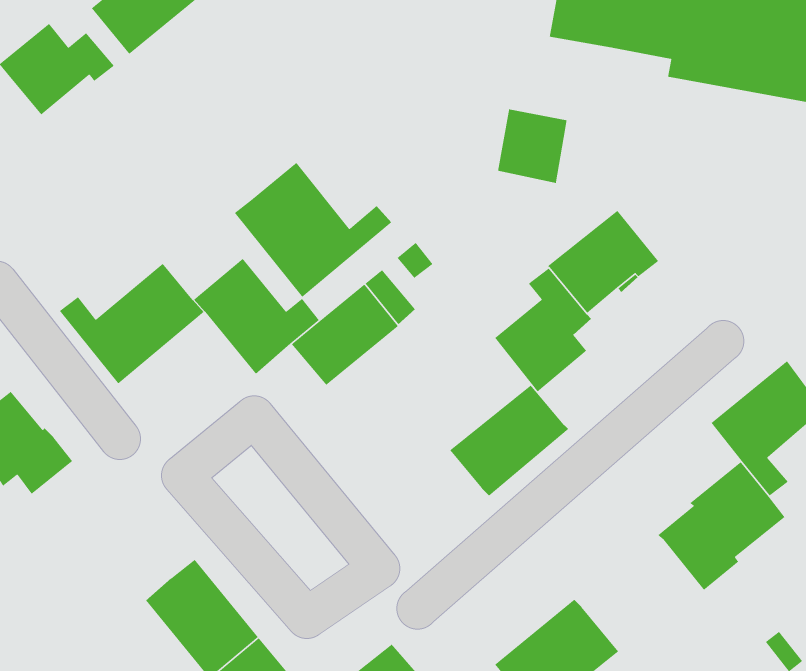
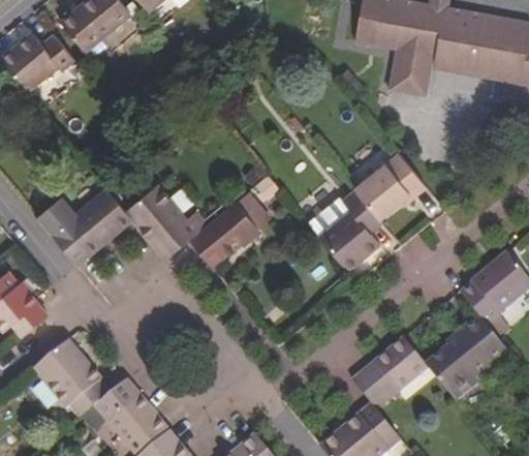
building: [497,109,568,184] -> [387,49,433,97]
building: [234,162,392,298] -> none
building: [449,384,569,496] -> [350,337,428,409]
building: none -> [32,339,111,418]

